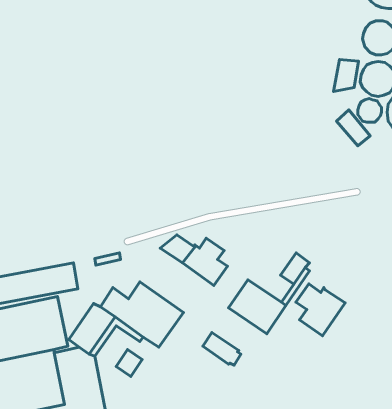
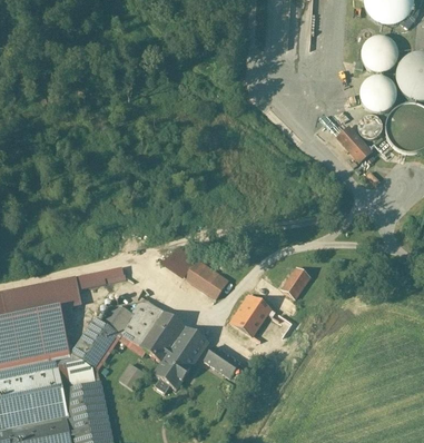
building: [333,60,358,92] -> none
building: [296,284,345,336] -> none
building: none -> [152,326,208,393]

